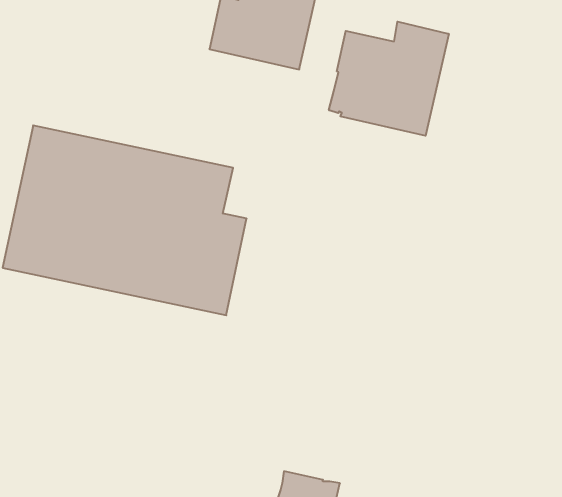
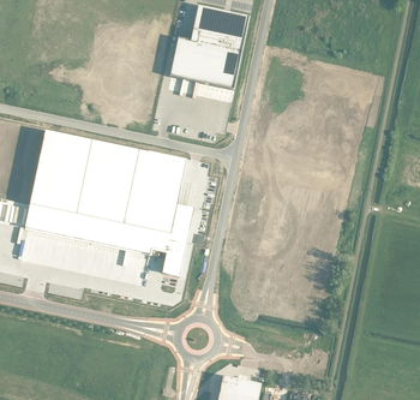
building: [329,22,449,136] -> none

